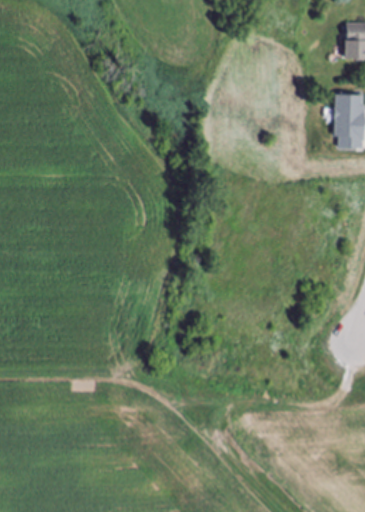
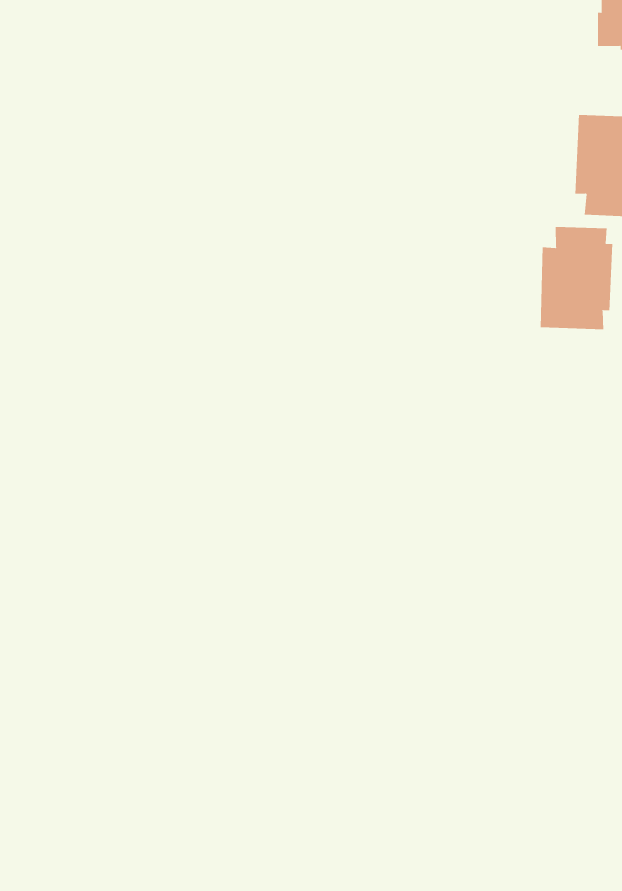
building: none -> [540,226,613,330]

